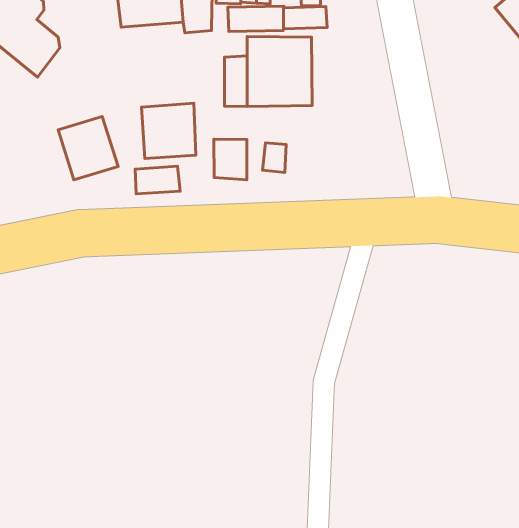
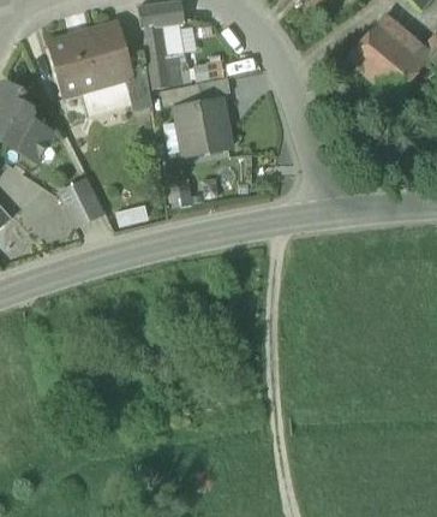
building: [141,103,196,159] -> none

